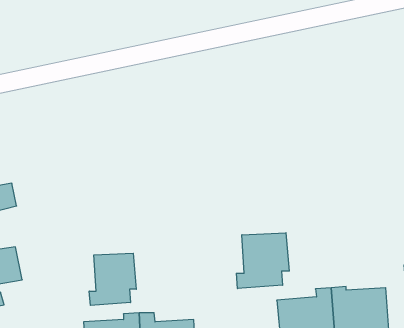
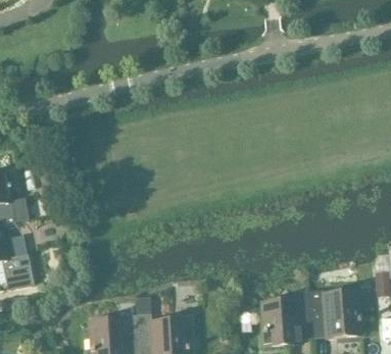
building: [236,233,289,289] -> none
building: [89,253,136,305] -> none

